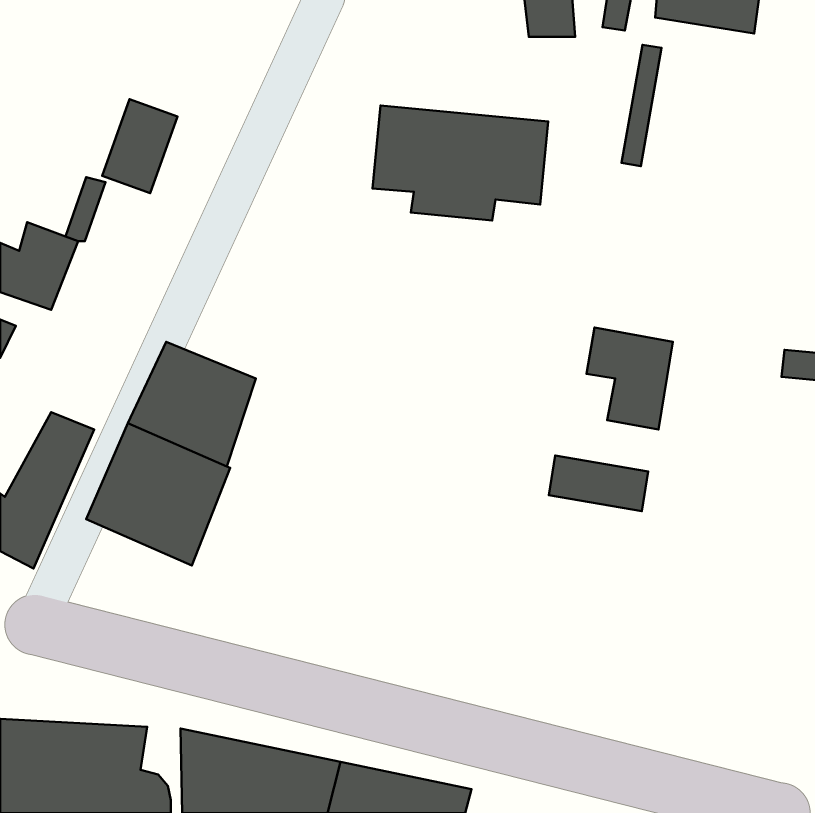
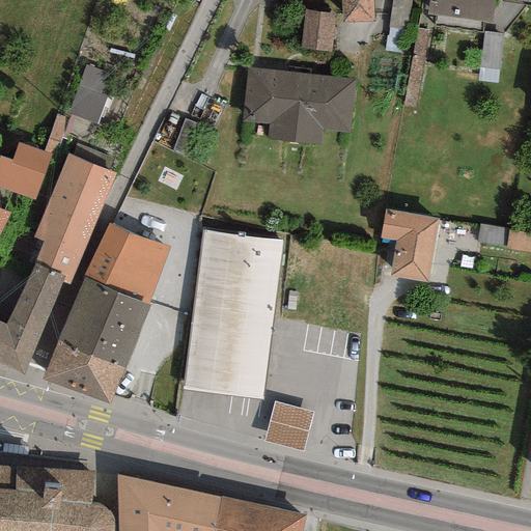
building: none -> [297,13,332,55]
building: none -> [477,31,504,83]
building: none -> [34,156,117,282]
building: none -> [183,231,282,400]
building: [549,456,648,511] -> none
building: none -> [43,337,125,402]
building: none -> [266,402,313,451]

